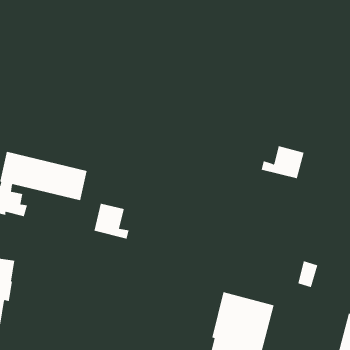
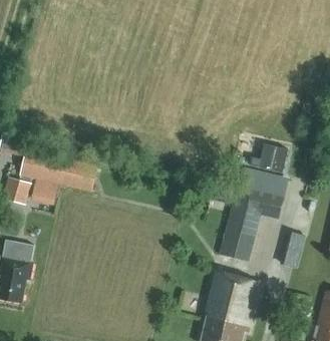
building: none -> [219,175,285,261]
building: [94,203,129,240] -> none

